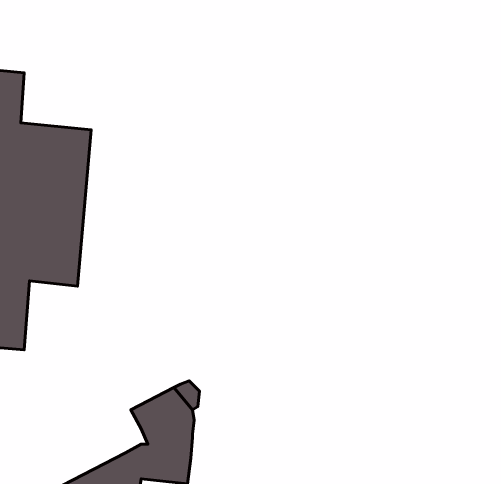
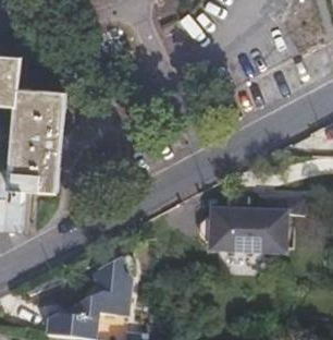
building: none -> [199,195,304,254]

